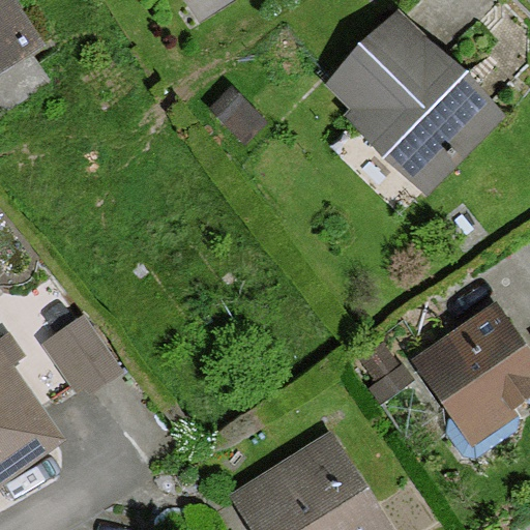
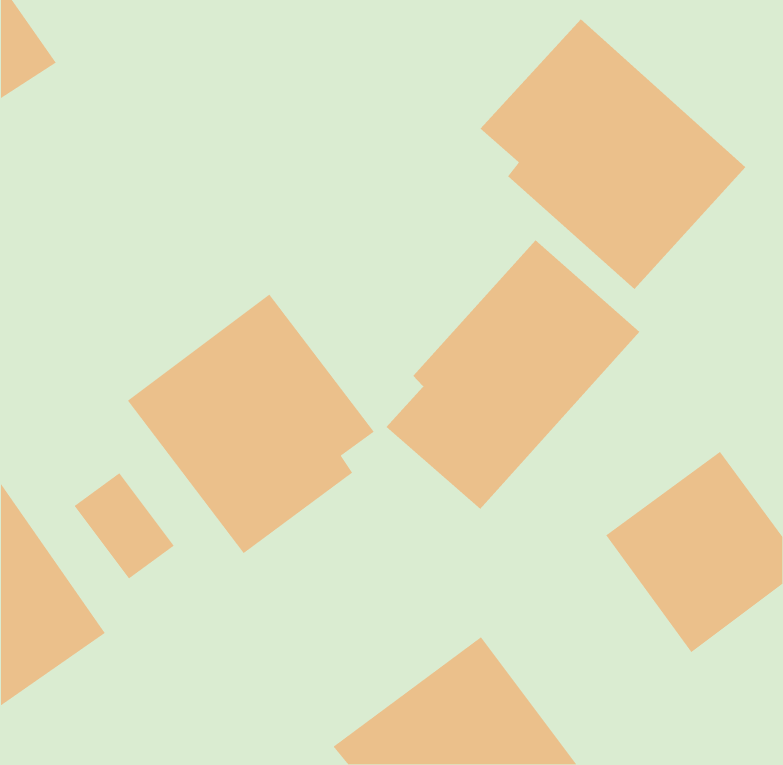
building: none -> [386,240,640,510]
building: none -> [127,294,375,554]

